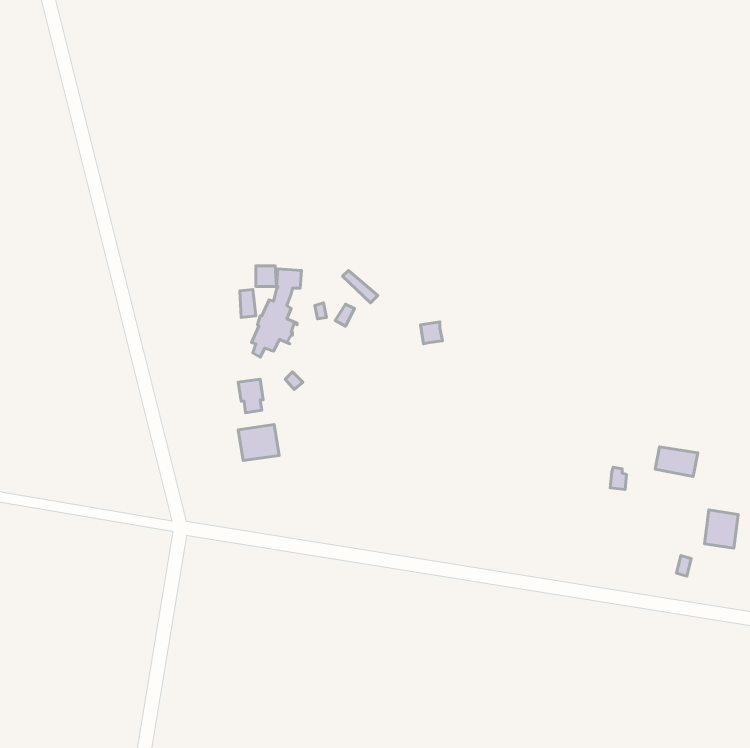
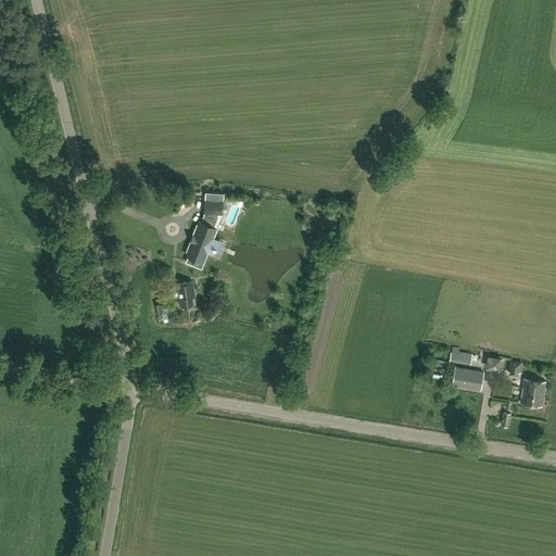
building: [238,425,279,460] -> none
building: [655,447,698,476] -> [453,369,484,391]

